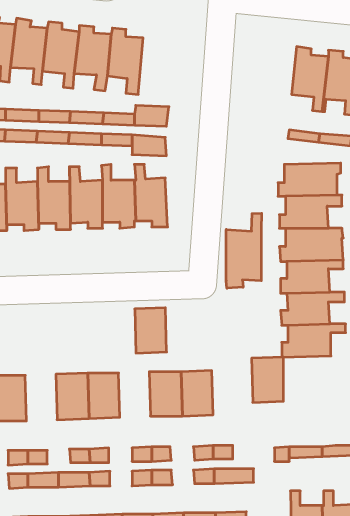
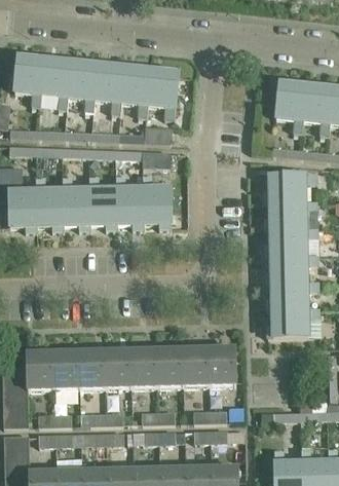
building: none -> [148,64,178,119]
building: [226,213,262,288] -> none
building: [135,308,167,353] -> [130,348,157,386]
building: [252,357,283,402] -> [209,346,235,384]
building: none -> [52,350,79,389]

